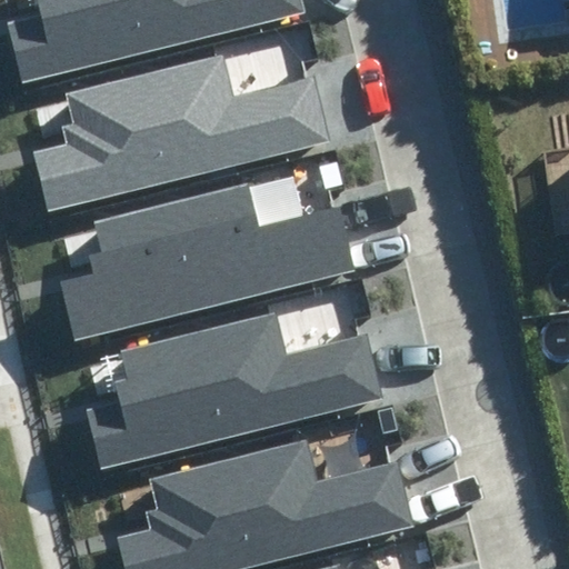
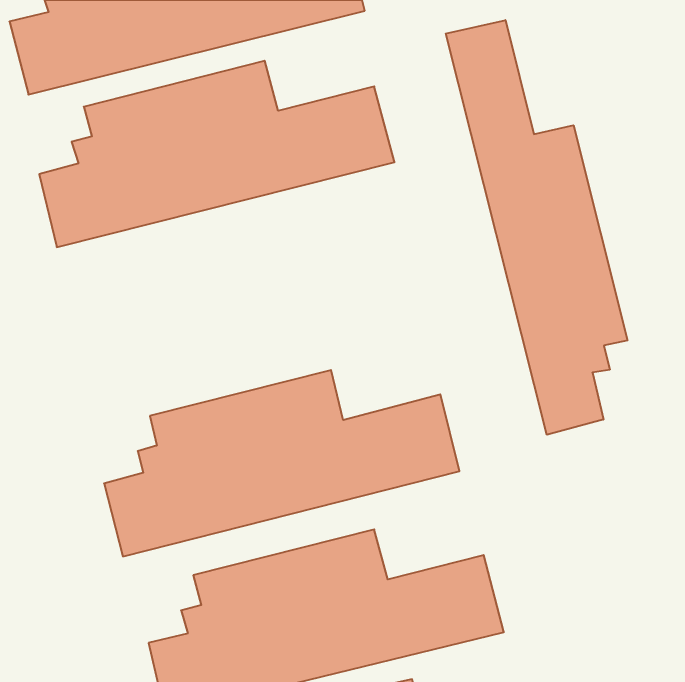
building: none -> [446,20,627,435]
building: [60,186,352,339] -> none

